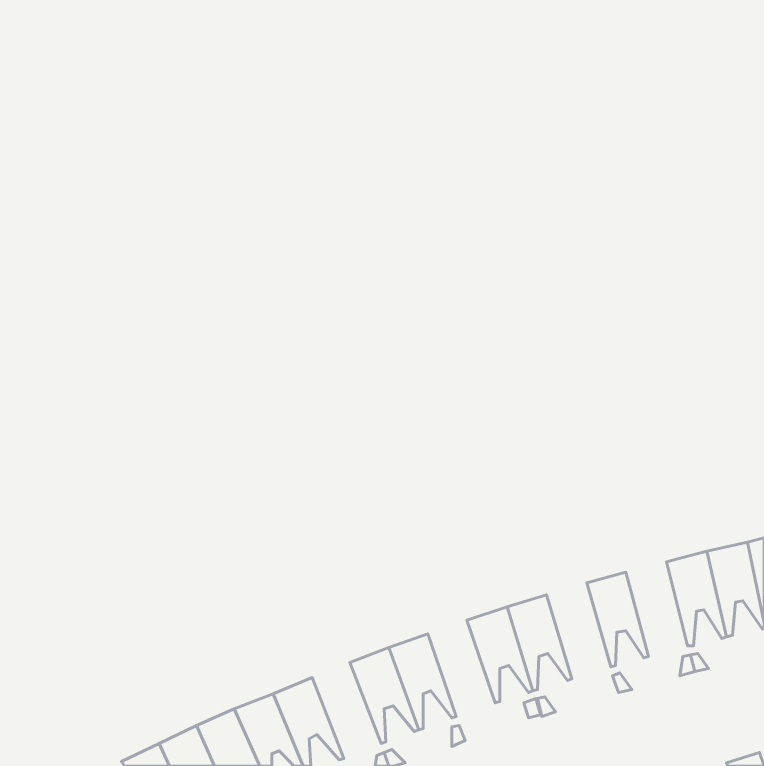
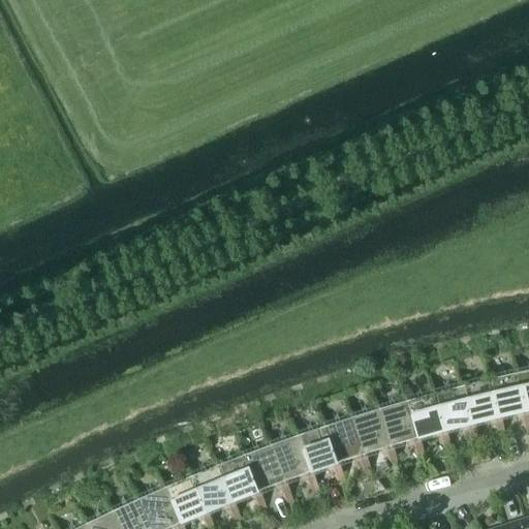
building: none -> [431,386,473,452]
building: none -> [376,401,421,467]
building: none -> [294,427,341,493]
building: none -> [215,456,262,522]

